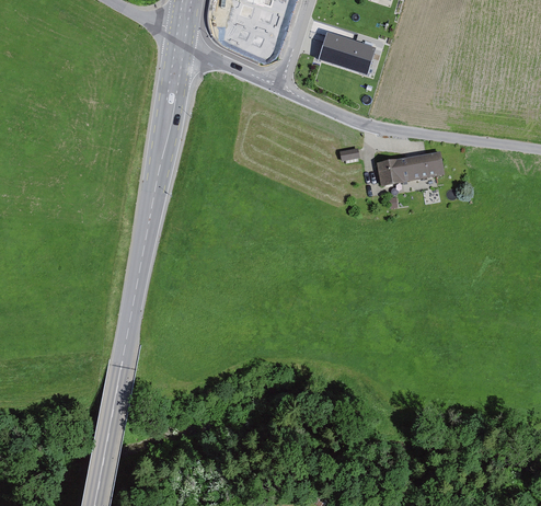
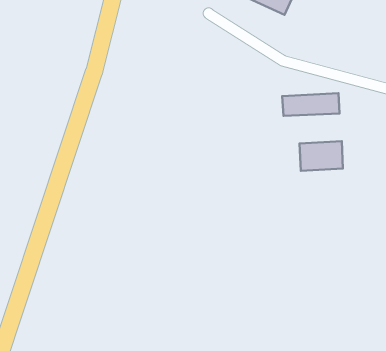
building: none -> [299,141,343,171]

